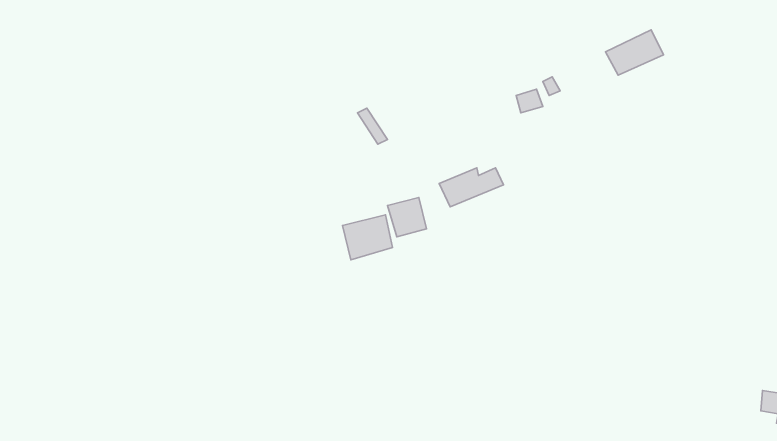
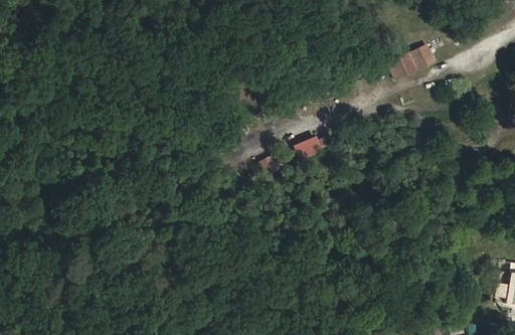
building: [342,215,393,260] -> none

